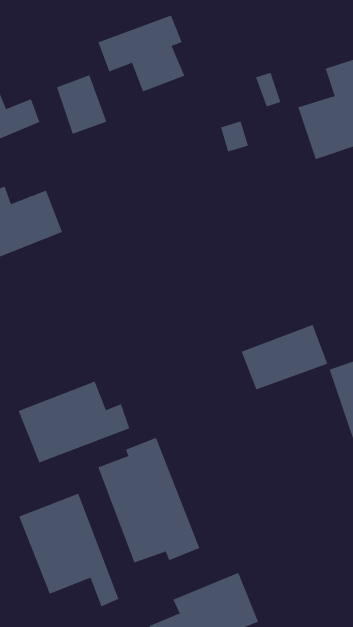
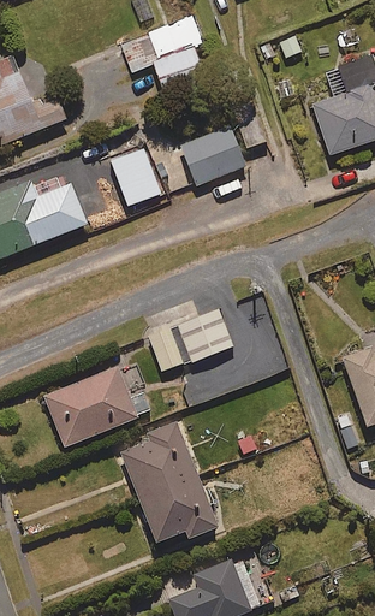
building: [56,75,107,134] -> [111,148,160,206]
building: none -> [181,126,245,184]
building: [241,324,328,390] -> [148,308,232,372]
building: [19,493,119,607] -> none

